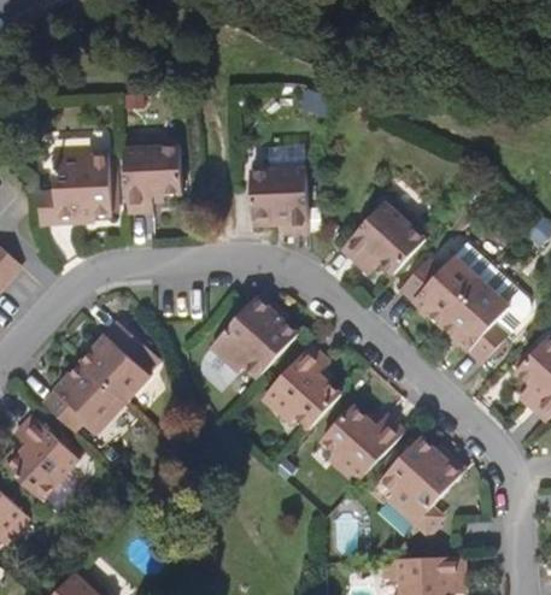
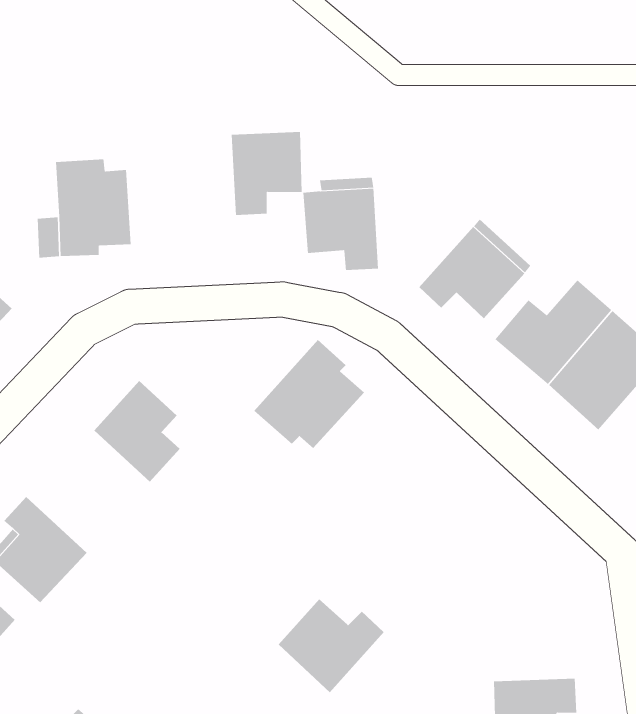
building: [123,146,180,212] -> [231,131,302,215]
building: [266,343,341,429] -> none
building: [43,361,127,431] -> none
building: [321,402,405,477] -> [278,599,385,693]
building: [382,436,467,523] -> none

